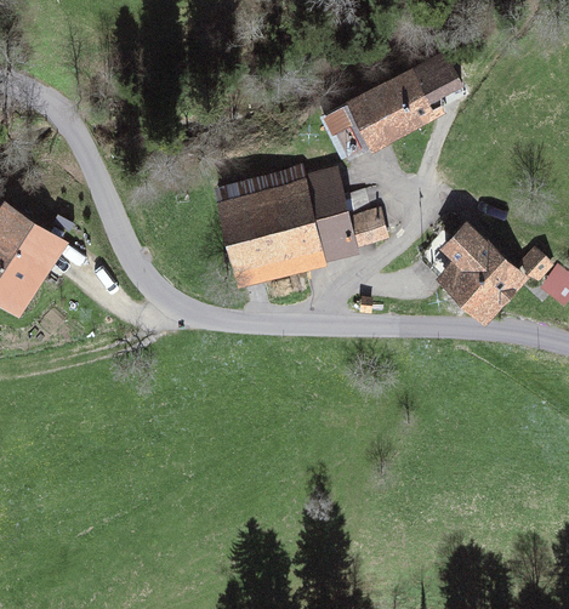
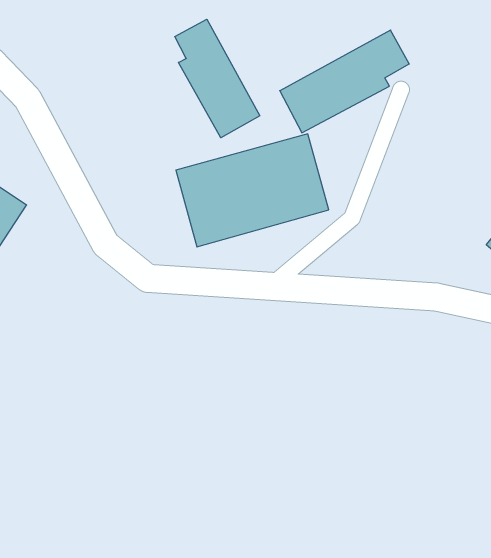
building: none -> [175,19,260,138]
building: [439,230,534,325] -> none

